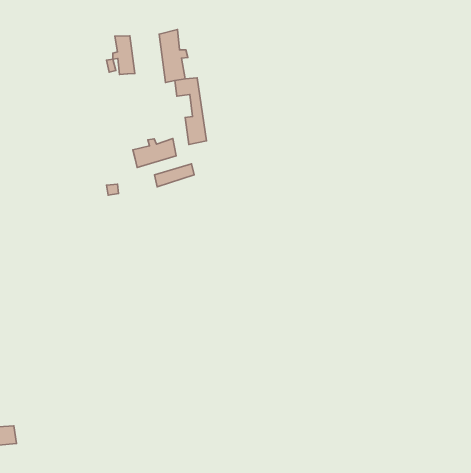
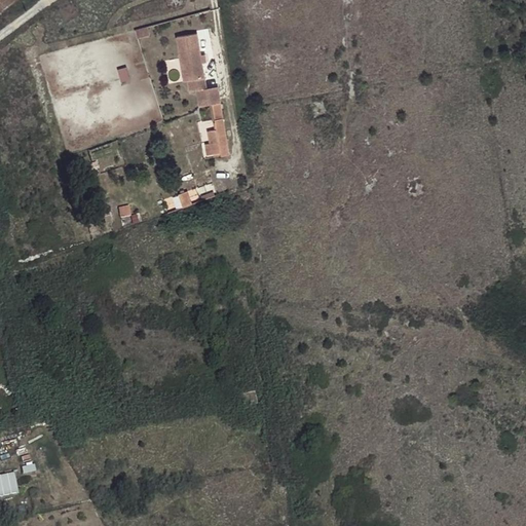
building: [113,36,135,75] -> none
building: [133,139,176,167] -> none

